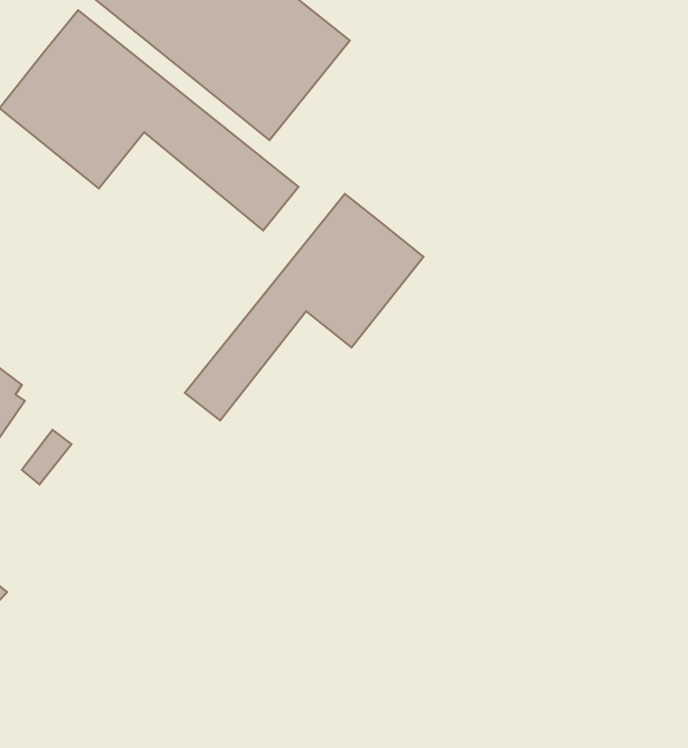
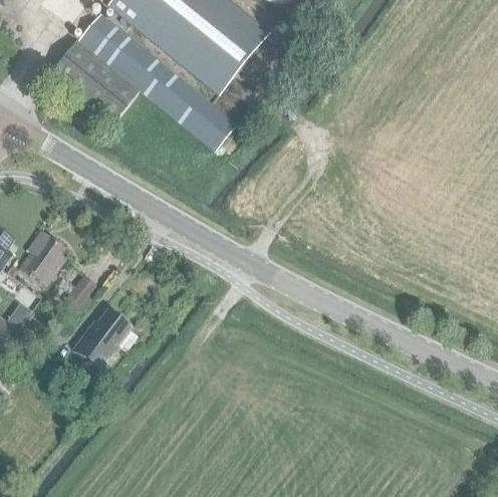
building: [185,194,424,421] -> none
building: none -> [71,308,133,371]

